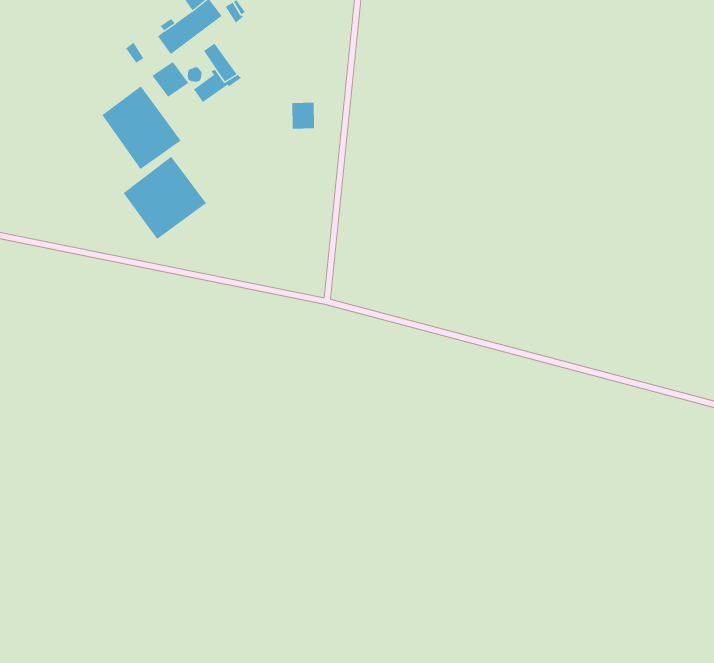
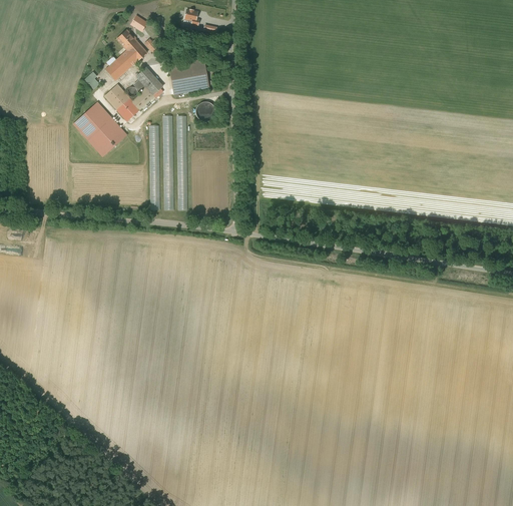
building: none -> [168,59,208,93]
building: [123,156,207,240] -> none

